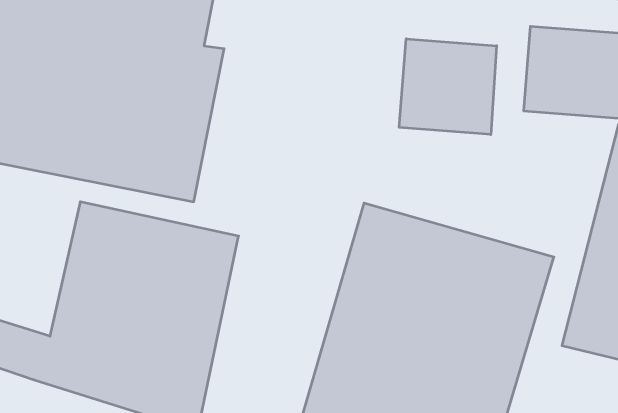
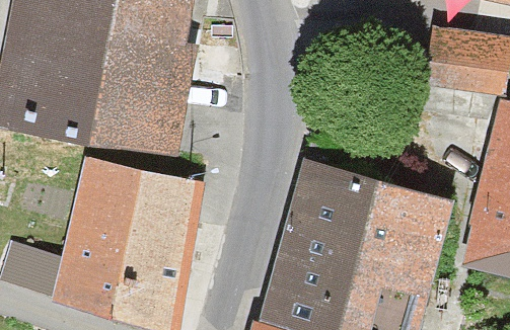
building: [399,39,497,135] -> none

